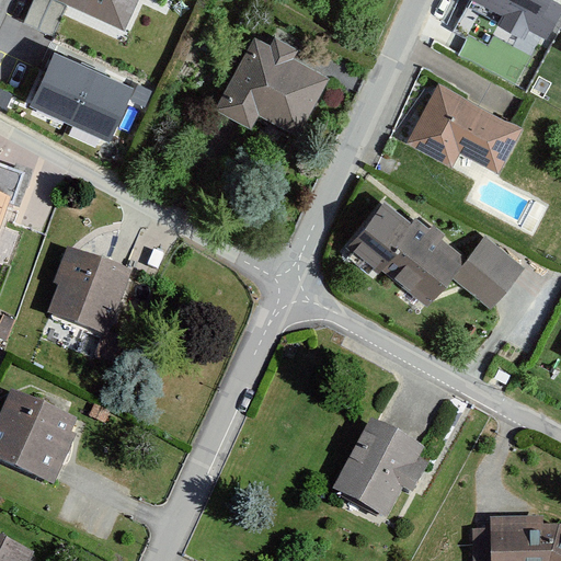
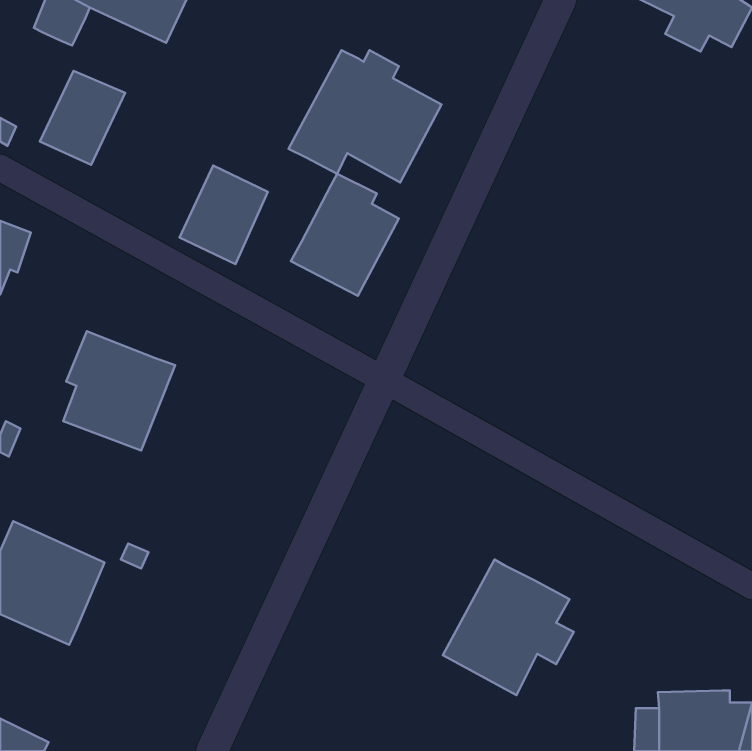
building: [68,69,134,142] -> [179,165,268,264]
building: [407,84,522,173] -> none
building: none -> [291,174,399,296]
building: [348,202,525,310] -> none

